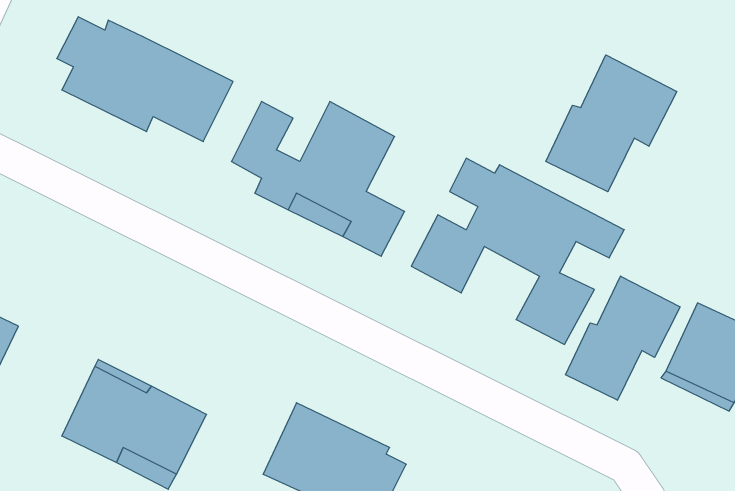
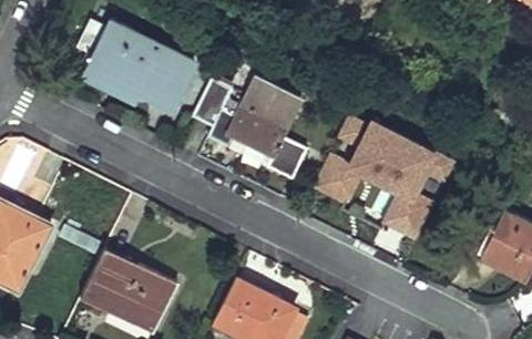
building: [546,55,677,192] -> none
building: [565,276,680,400] -> none

